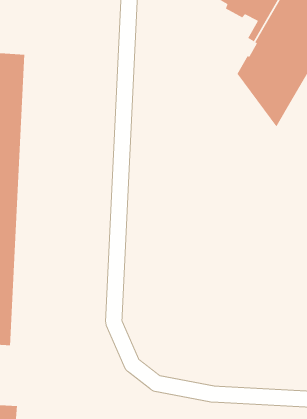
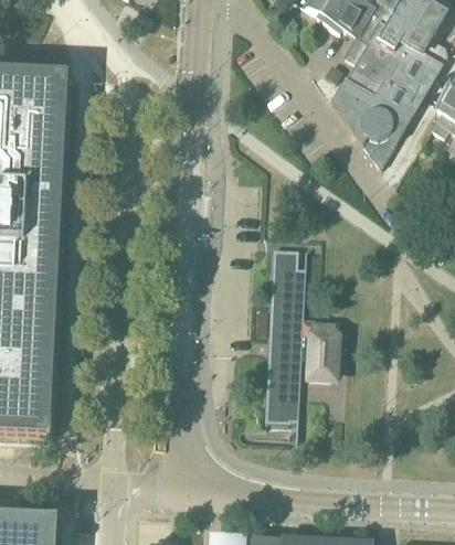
building: none -> [265,247,339,442]

